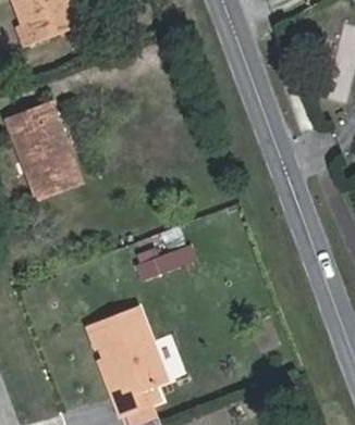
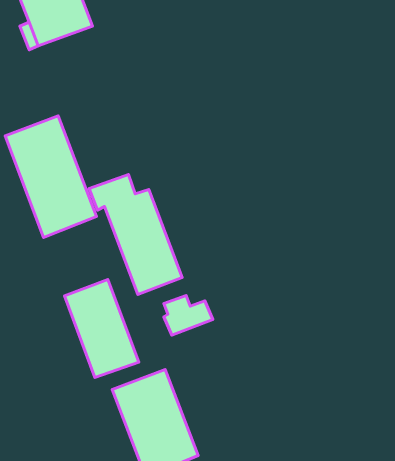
building: none -> [89,174,182,295]
building: none -> [64,279,139,378]

